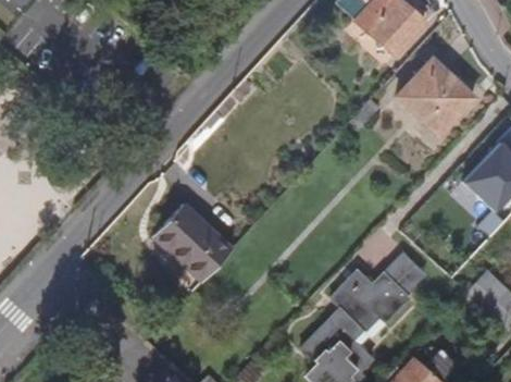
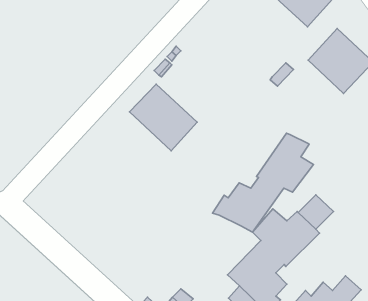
building: none -> [212,133,314,232]
building: [153,204,233,282] -> [129,84,197,151]

